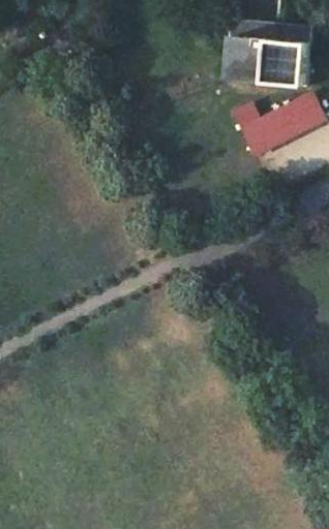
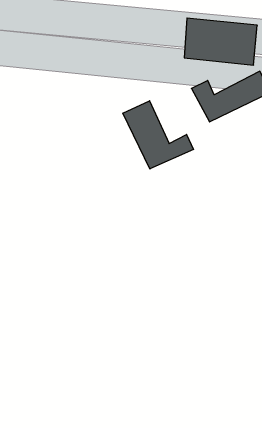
building: none -> [123,101,194,169]

